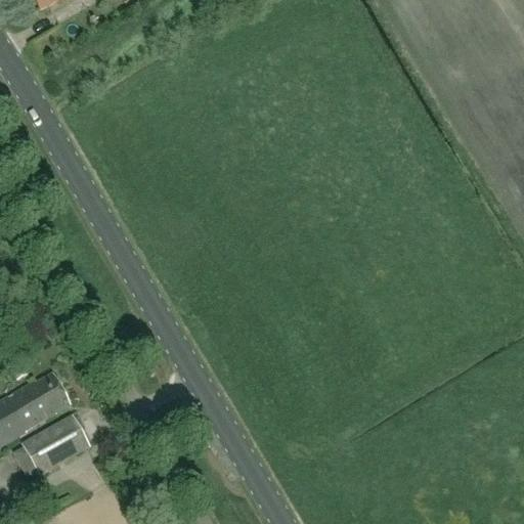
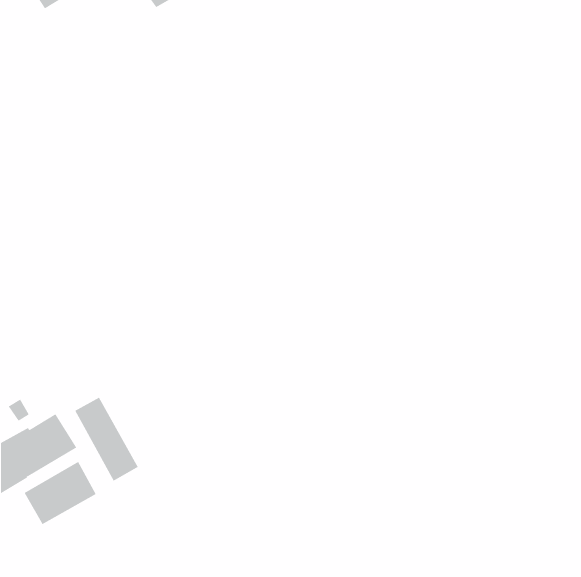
building: none -> [74,397,139,482]

